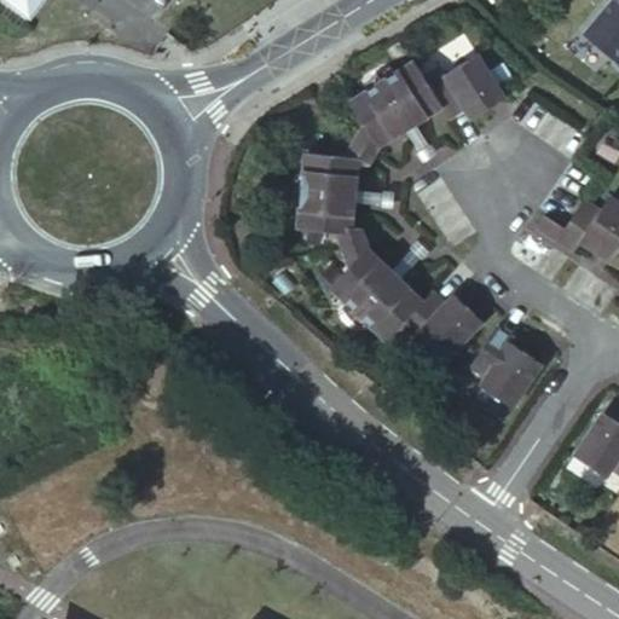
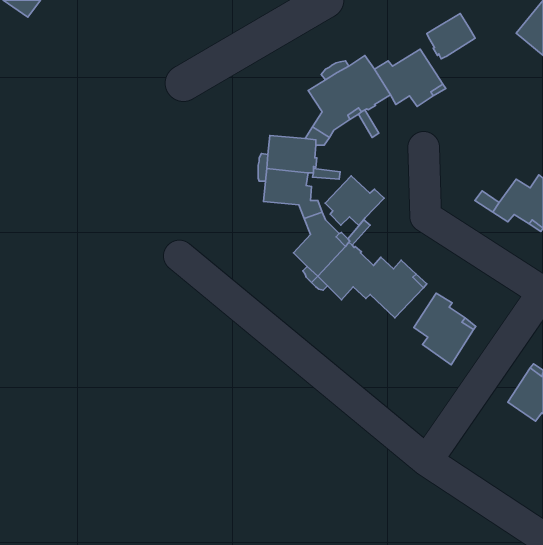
building: none -> [427,13,475,59]
building: none -> [325,176,384,226]

